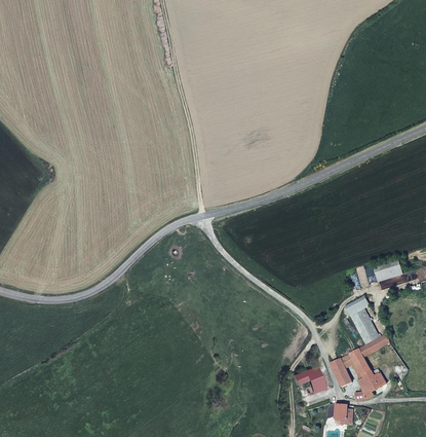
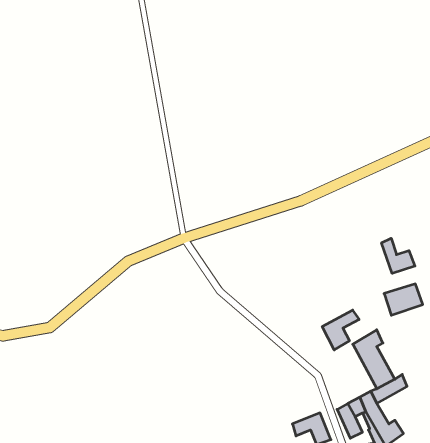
building: none -> [382,238,415,273]
building: none -> [322,310,359,350]

